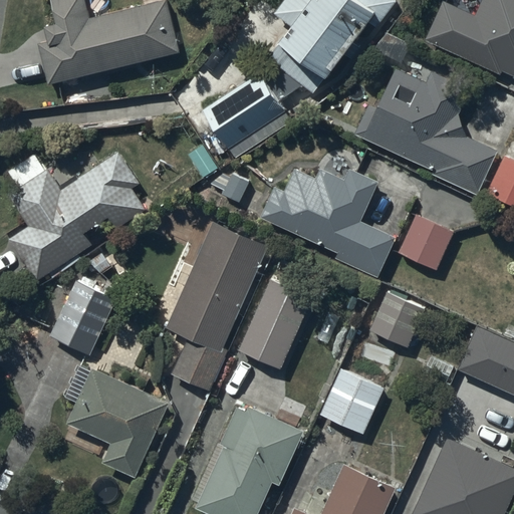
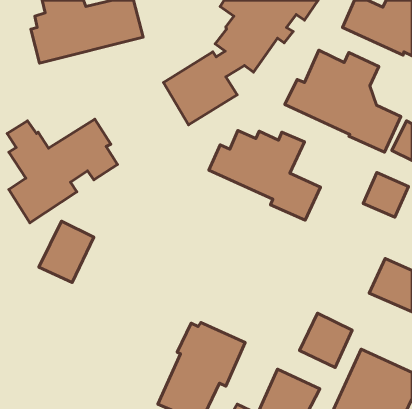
building: [398,215,454,270] -> [363,173,408,217]
building: [165,222,267,391] -> none
building: [238,279,313,368] -> none
building: [369,292,426,348] -> none
building: [64,366,170,477] -> none
building: [319,368,384,436] -> [300,313,352,368]

